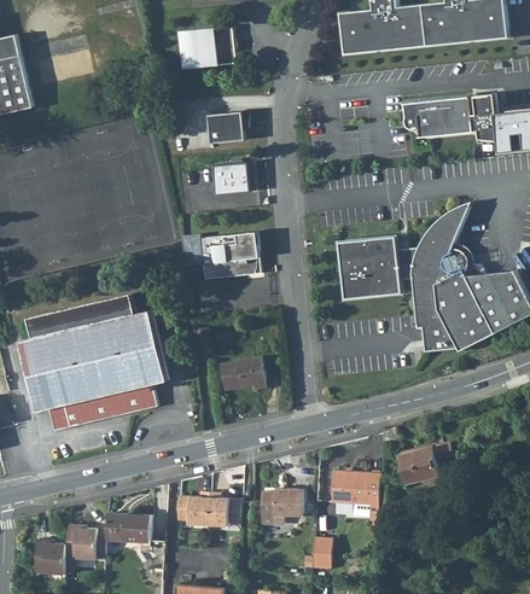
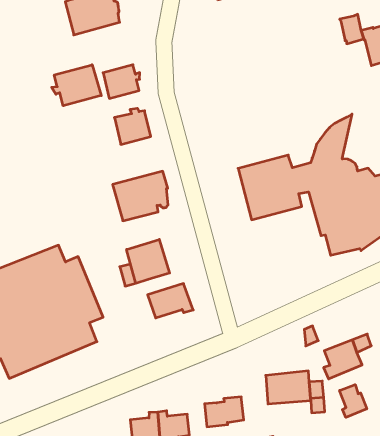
building: [402,97,473,138] -> none
building: none -> [52,65,101,106]
building: none -> [127,239,170,283]
building: none -> [340,385,367,417]

